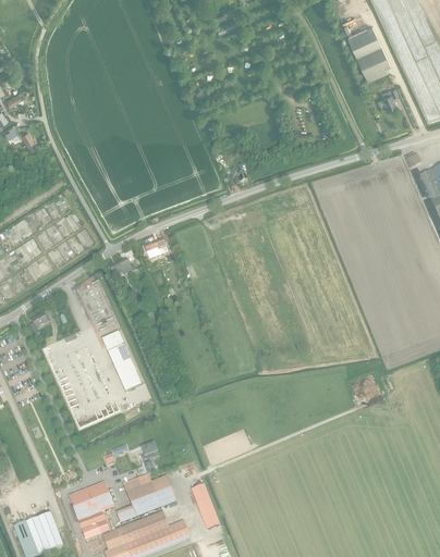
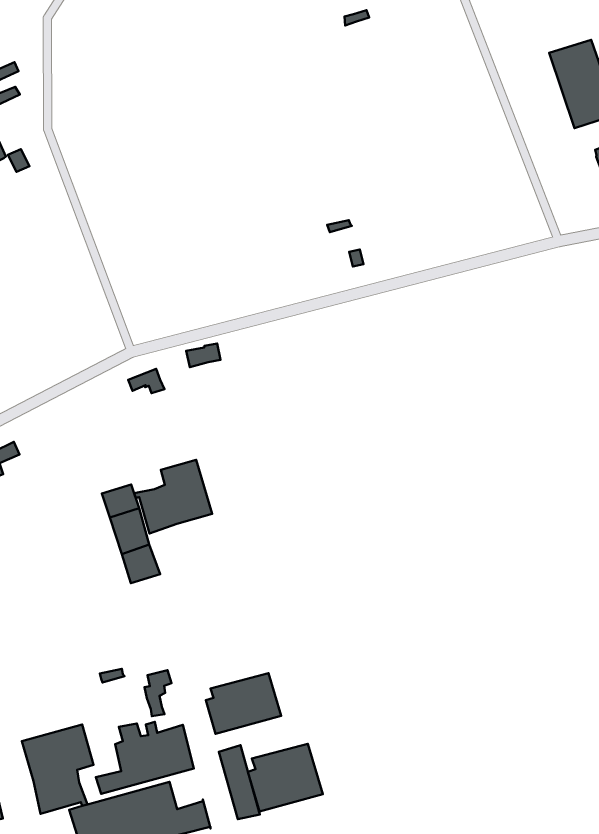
building: none -> [134,460,212,534]
building: none -> [206,673,281,734]
building: none -> [248,744,323,812]

